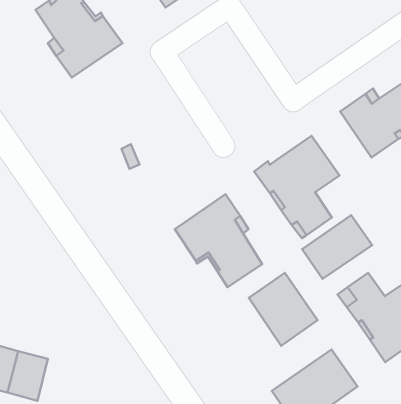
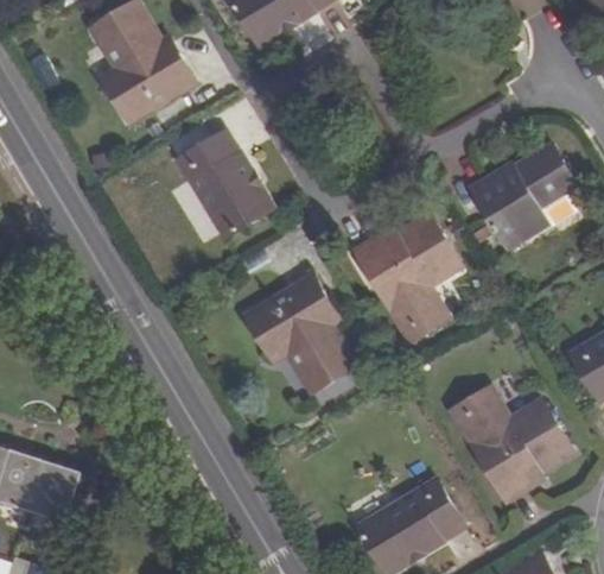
building: none -> [174,130,271,236]
building: [302,215,372,279] -> none
building: [249,273,318,346] -> none

